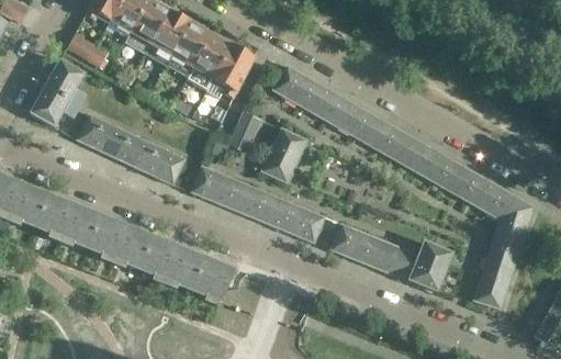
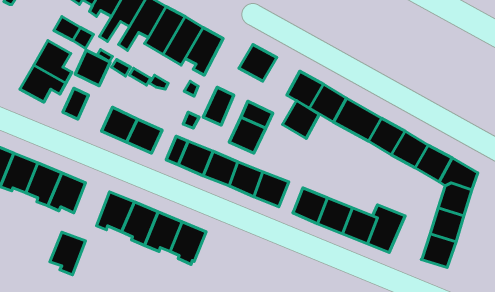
building: [298,78,338,120] -> [282,101,319,139]
building: [93,120,132,159] -> [75,50,110,86]
building: [89,216,128,263] -> [50,232,86,275]

